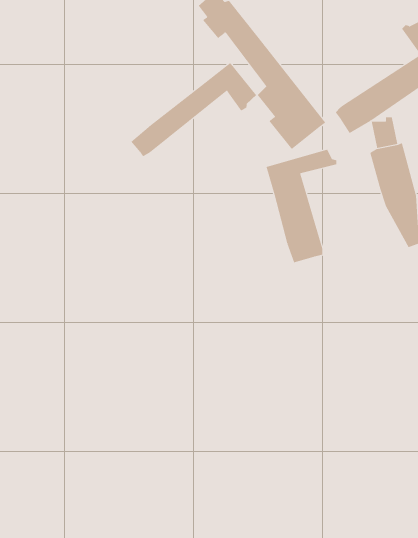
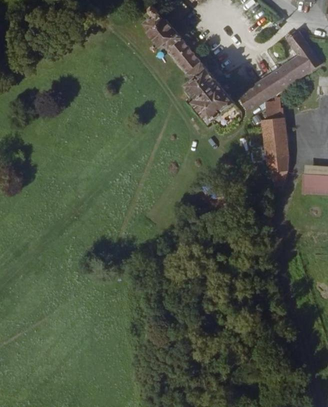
building: [131,62,257,157] -> none
building: [266,149,337,263] -> none

